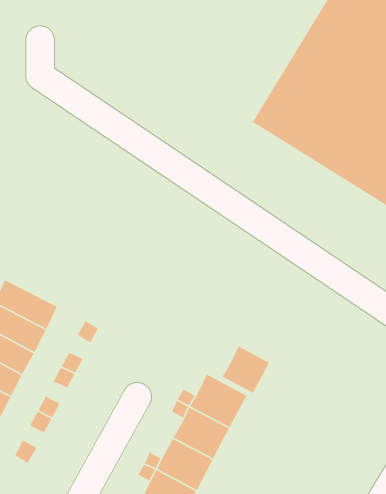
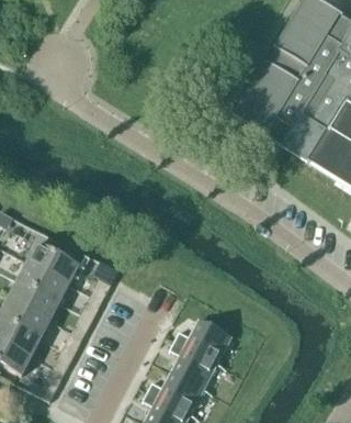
building: [222,346,270,394] -> none

